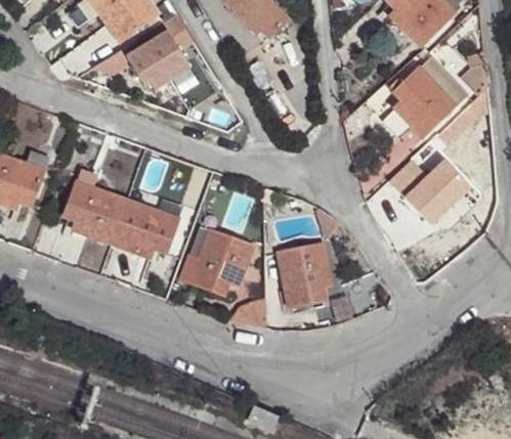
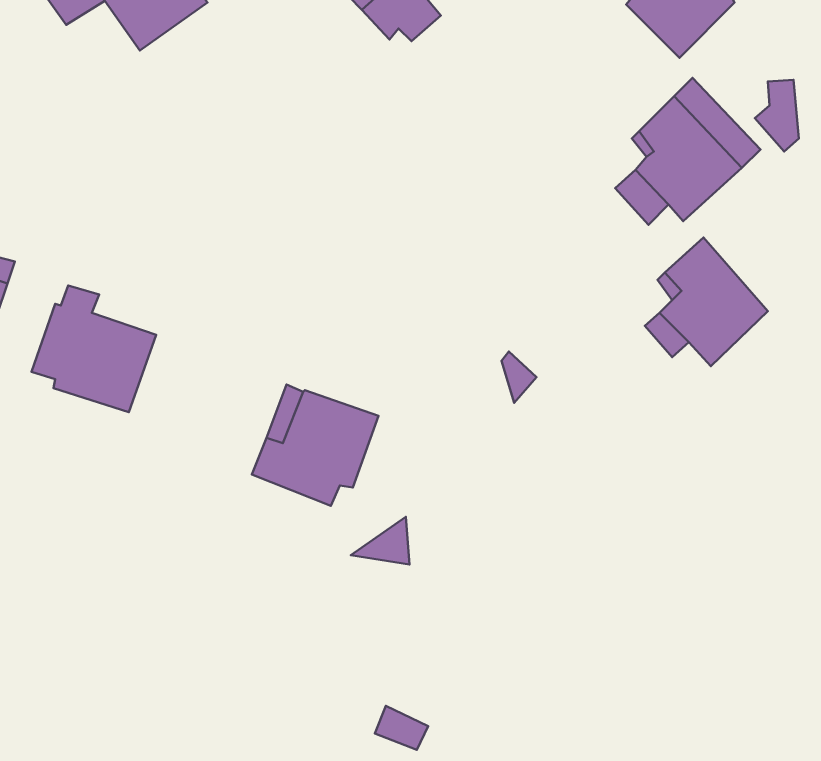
building: [121,17,196,96] -> none
building: [113,200,179,257] -> none
building: [278,244,330,306] -> none

